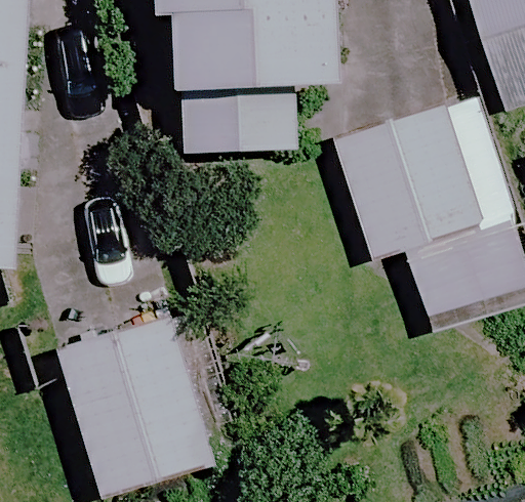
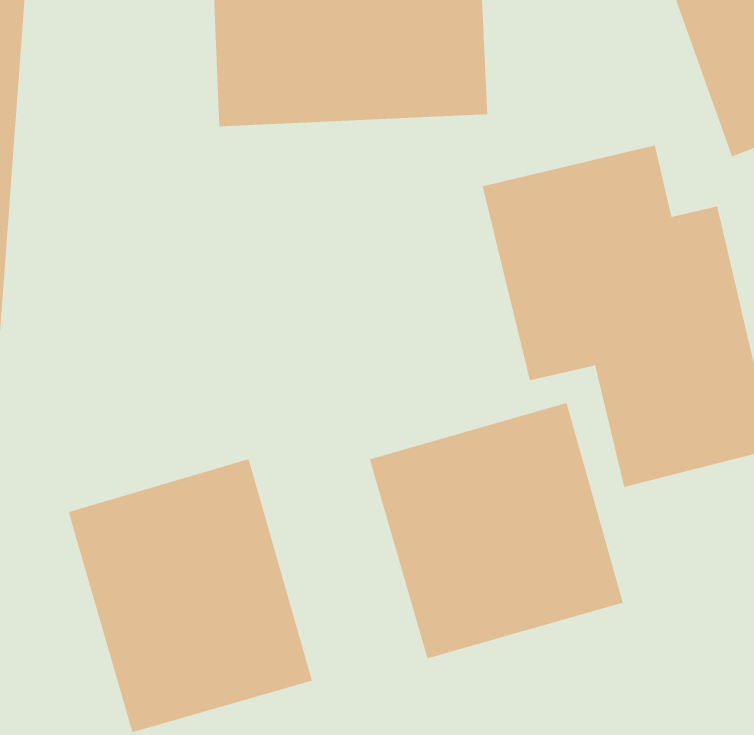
building: none -> [369,402,624,659]

